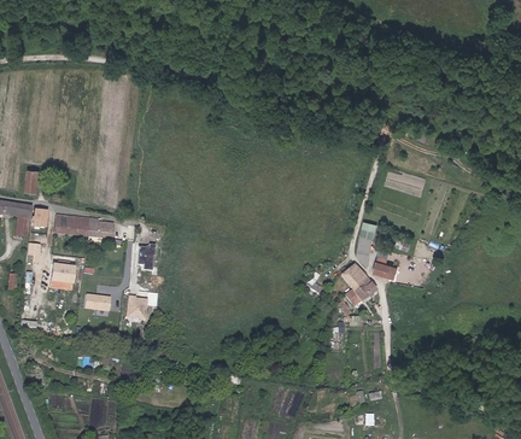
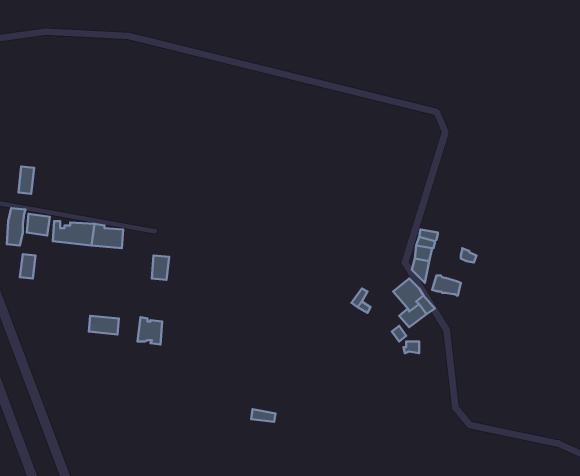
building: [48,263,74,289] -> none

